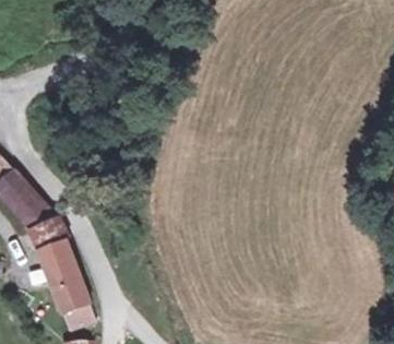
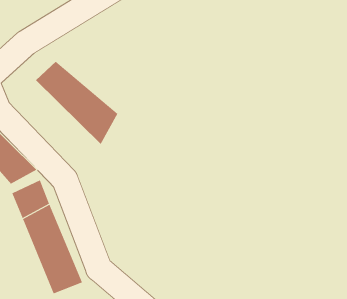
building: none -> [35,61,118,145]

